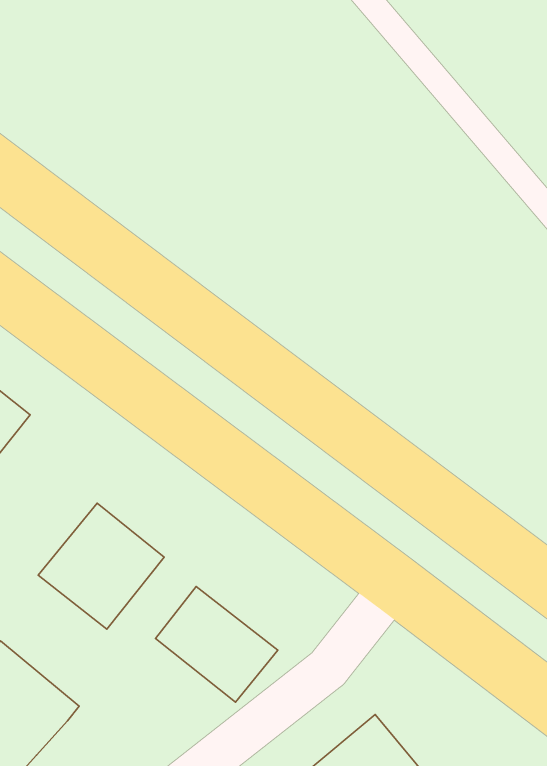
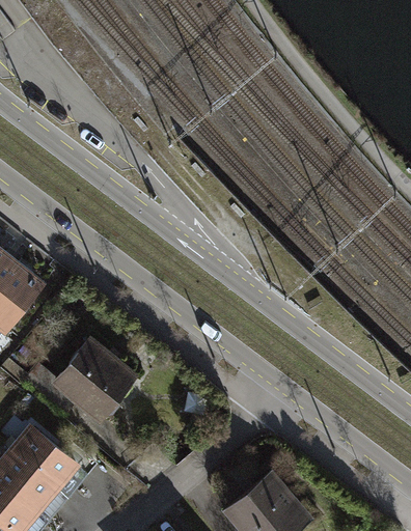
building: [156,586,278,702] -> none

